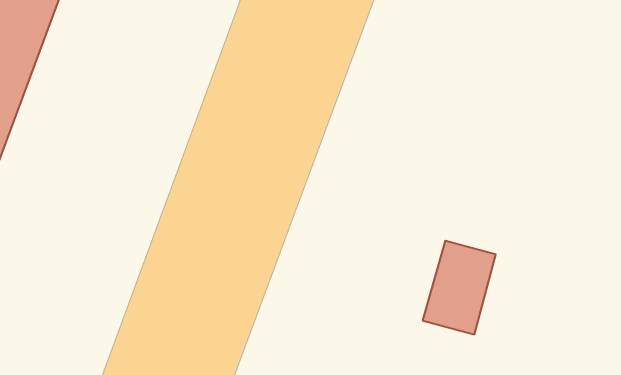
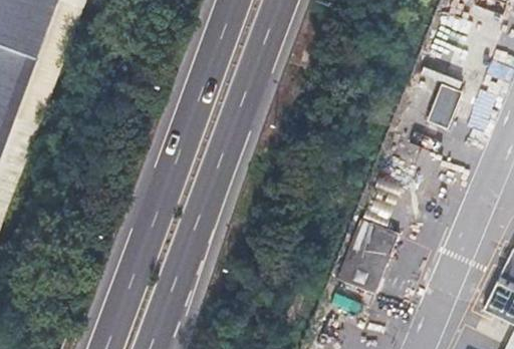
building: none -> [425,82,460,127]

